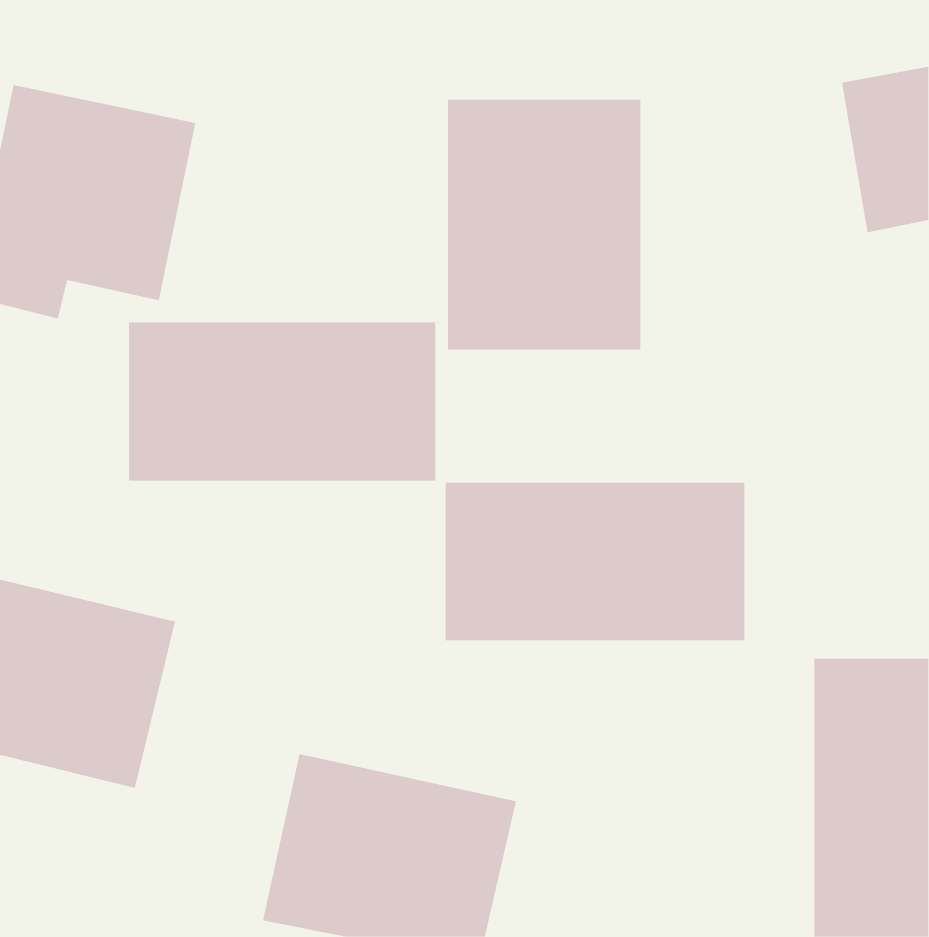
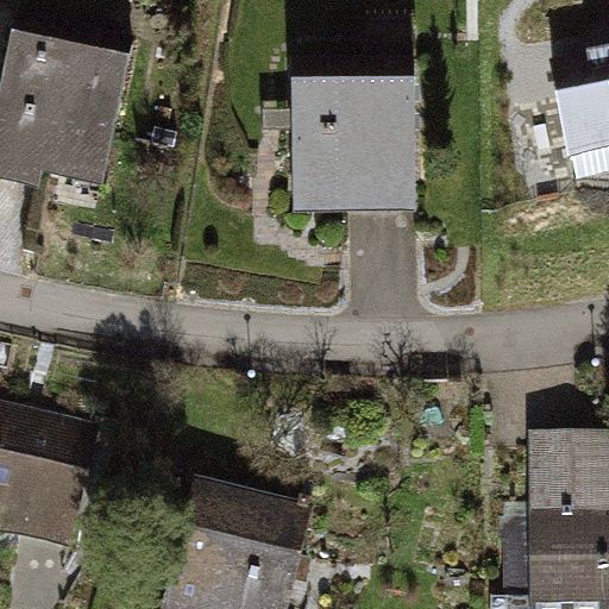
building: [129,322,436,482] -> none
building: [445,482,745,641] -> none

